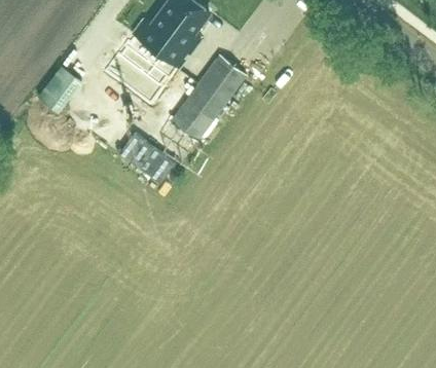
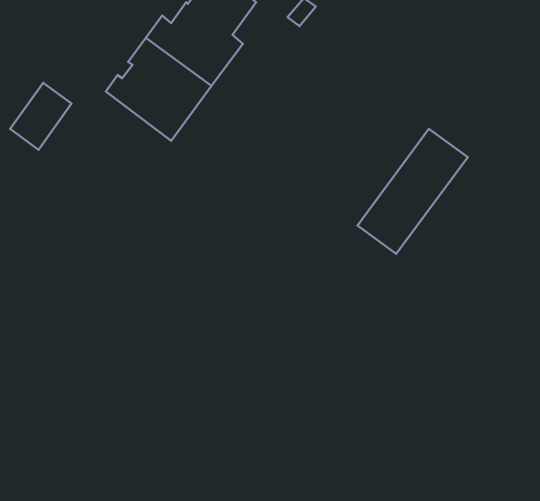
building: [171,54,247,141] -> [357,129,468,254]
building: [120,133,176,183] -> none

